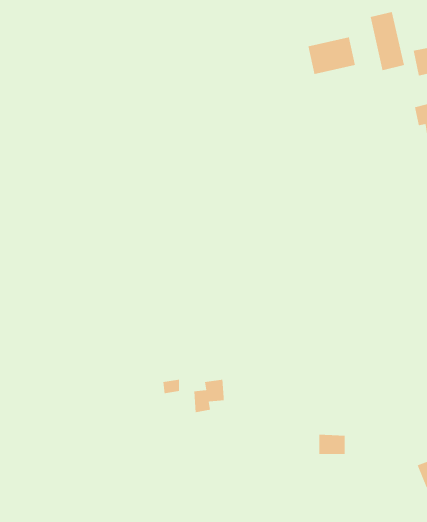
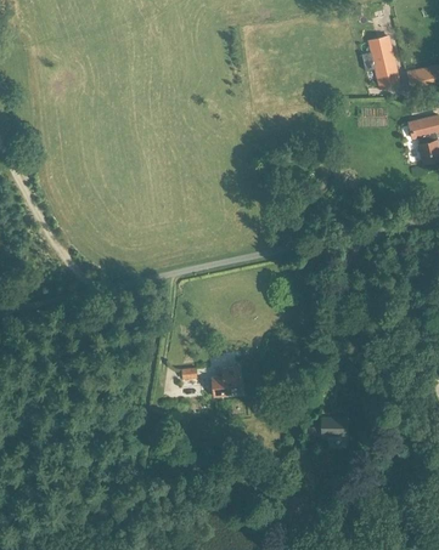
building: [308,36,356,75] -> none

